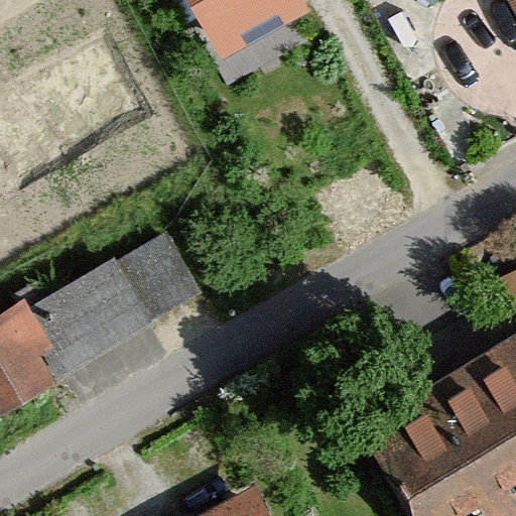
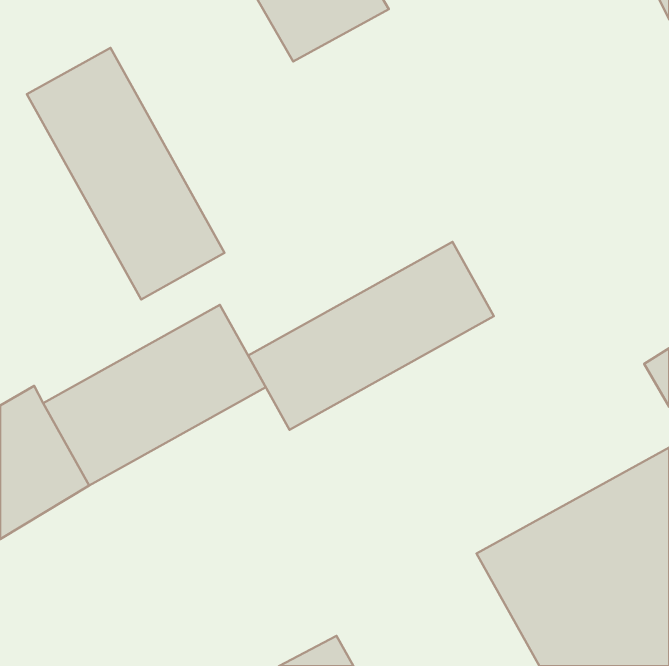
building: none -> [27,48,225,299]
building: none -> [248,242,494,430]

